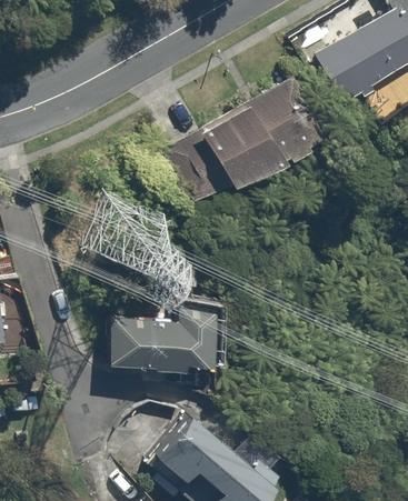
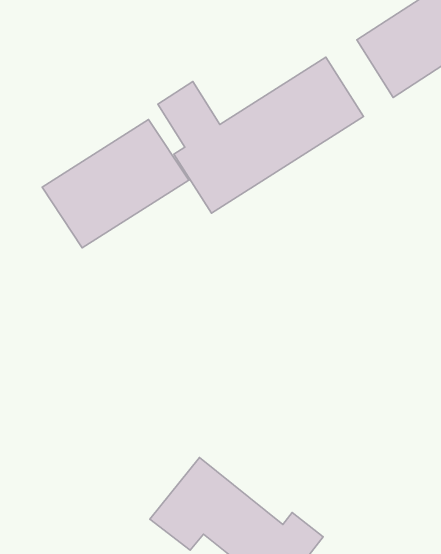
building: none -> [42,120,189,248]
building: [105,297,215,398] -> none

